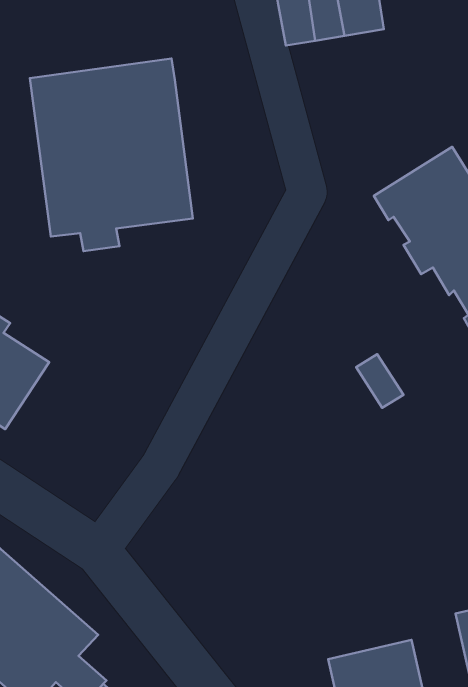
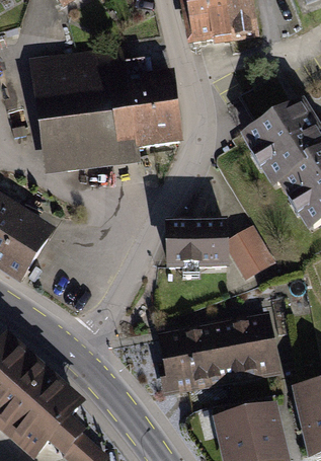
building: none -> [125,58,179,147]
building: none -> [168,224,226,265]
building: none -> [161,319,272,389]

